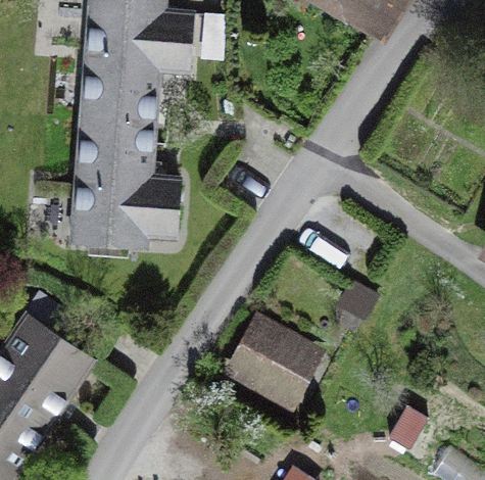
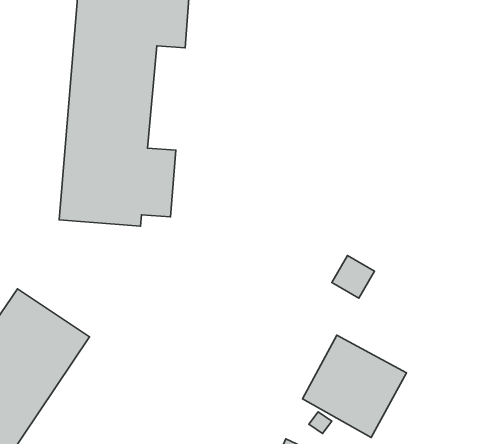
building: [223,313,325,413] -> [302,335,406,437]

